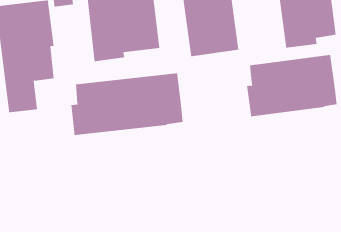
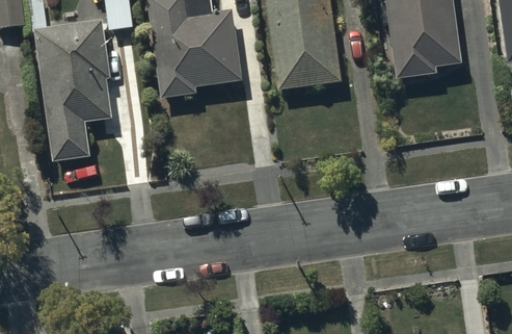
building: [247,54,337,117] -> none
building: [71,72,183,136] -> none

